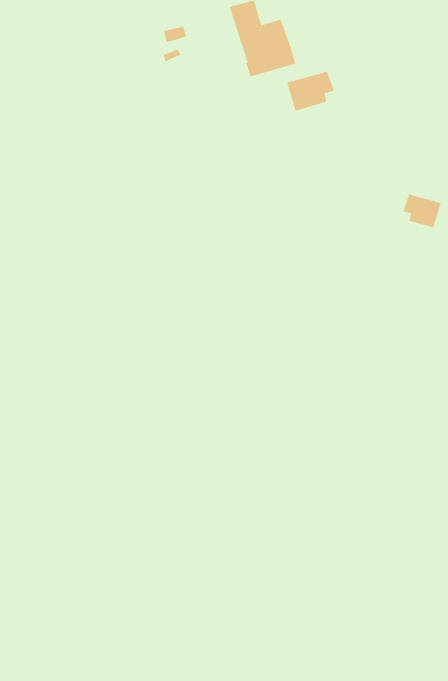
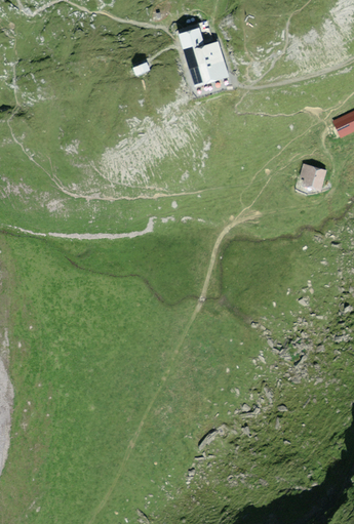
building: [287,71,334,112] -> none

